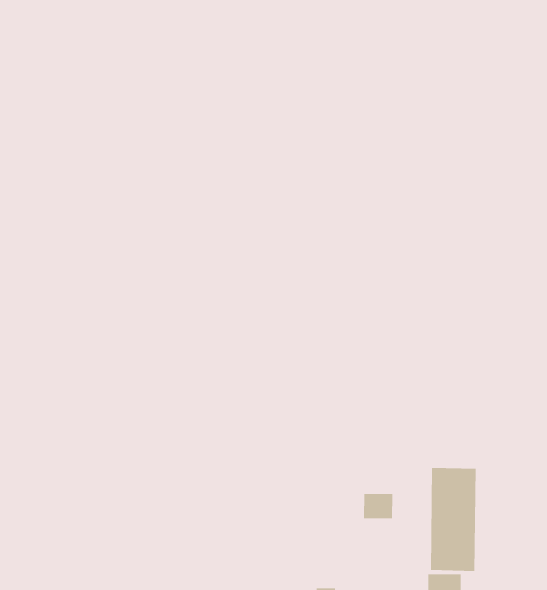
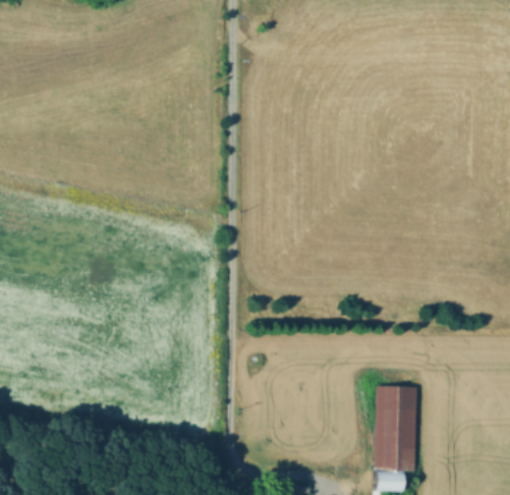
building: [363,493,393,519] -> none

